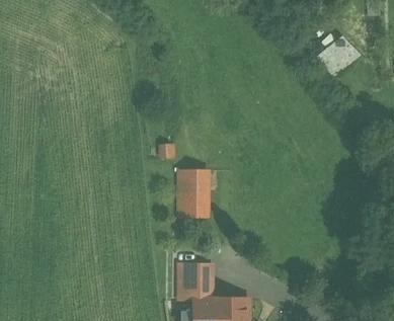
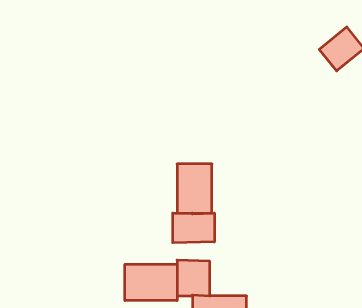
building: none -> [173,213,214,243]
building: none -> [125,264,177,301]

